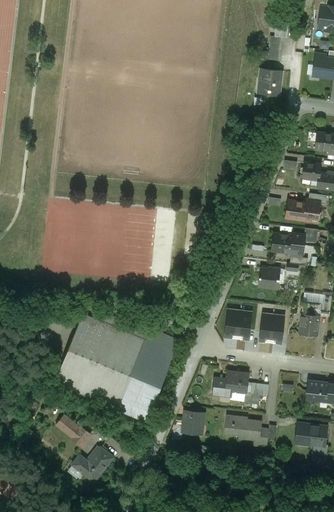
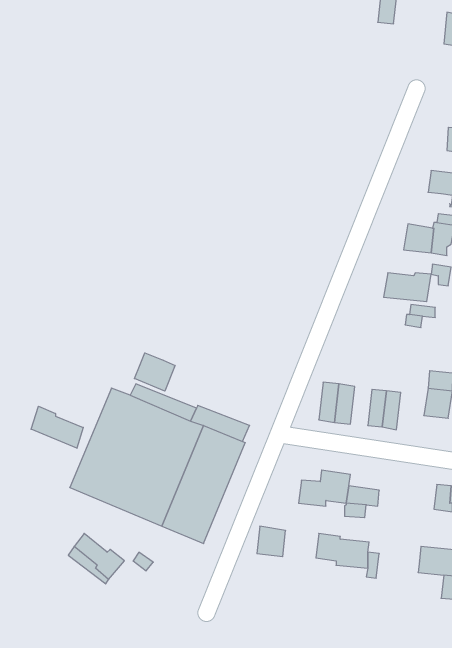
building: [256,69,281,96] -> none
building: [258,267,280,288] -> none
building: none -> [134,353,175,391]
building: none -> [31,406,83,448]
building: [72,447,112,481] -> none

